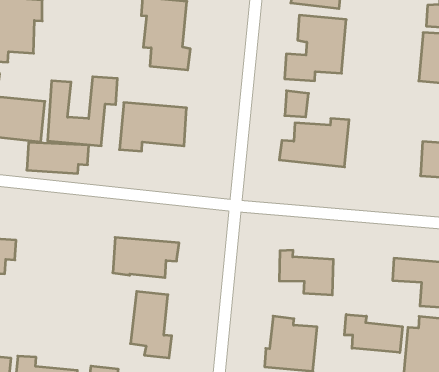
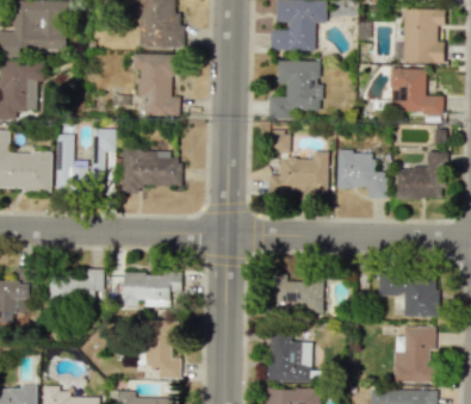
building: none -> [337,151,386,198]
building: [27,143,89,173] -> [49,272,104,298]
building: [344,314,402,353] -> none

